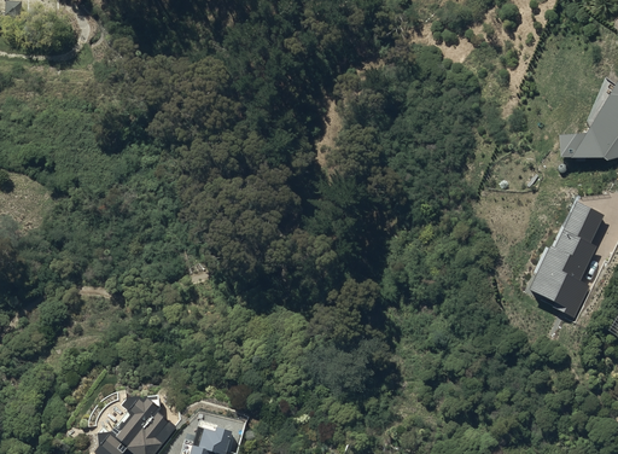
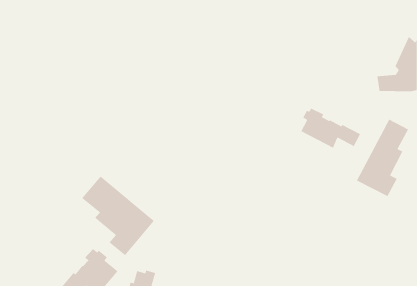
building: none -> [300,107,361,149]
building: none -> [81,175,155,256]

